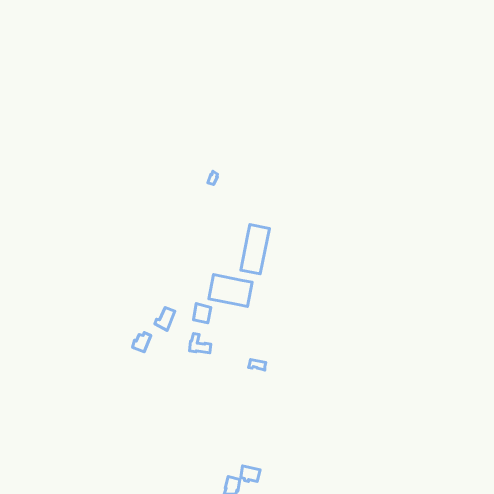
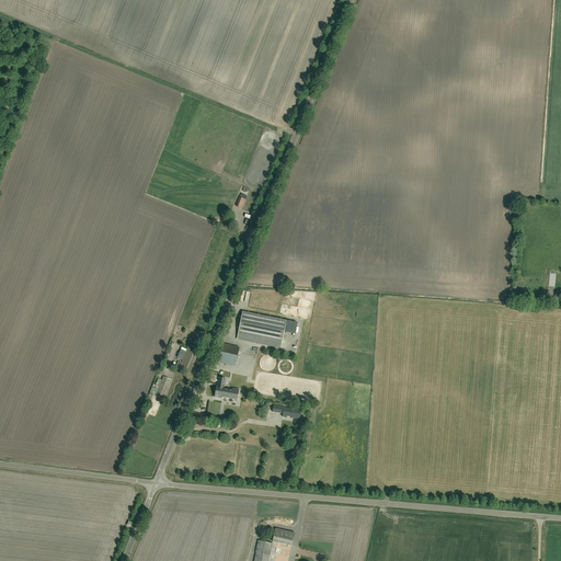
building: [241,225,269,274] -> none

